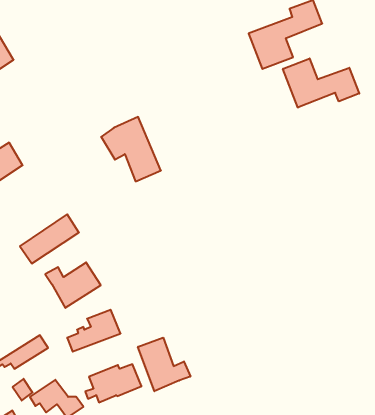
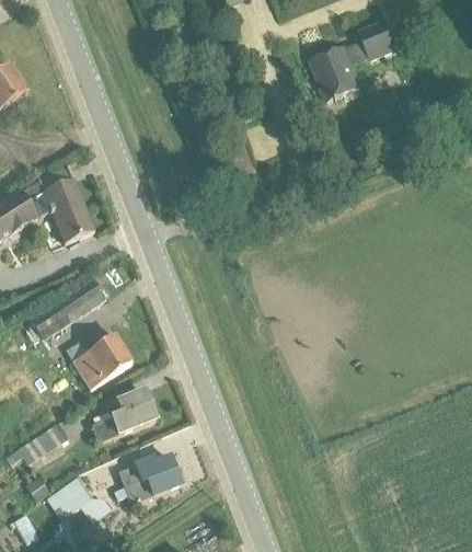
building: [283,58,359,108] -> none
building: [101,117,161,181] -> [22,165,94,243]
building: [138,338,190,391] -> none

